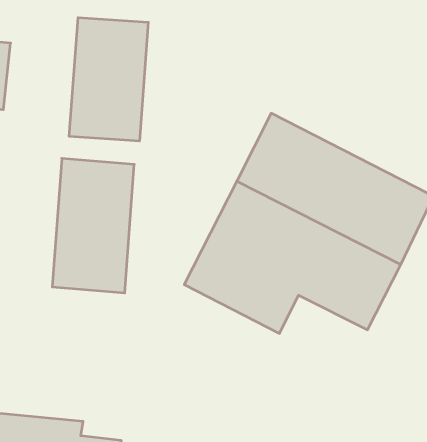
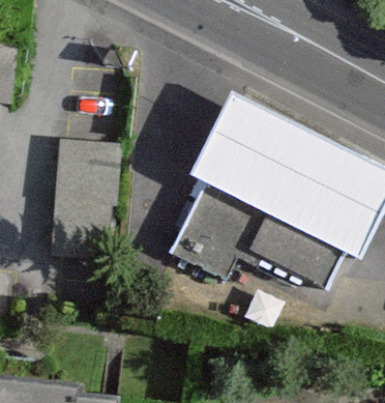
building: [69,18,148,141] -> none

